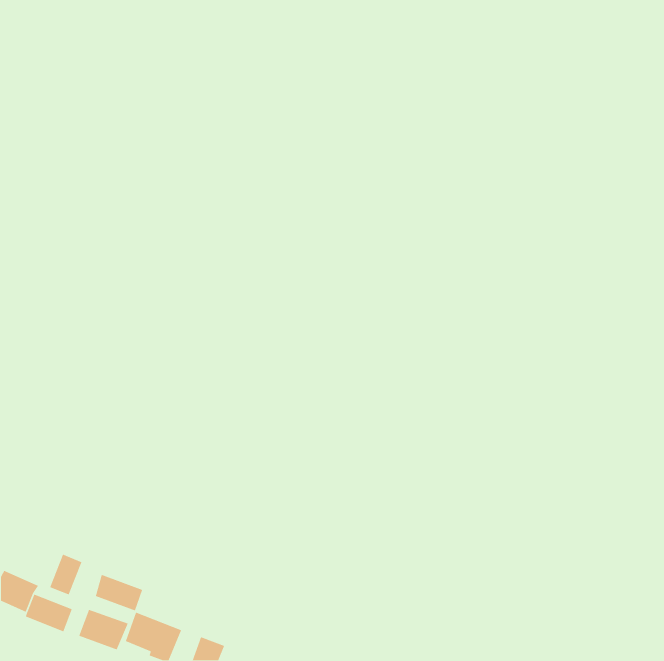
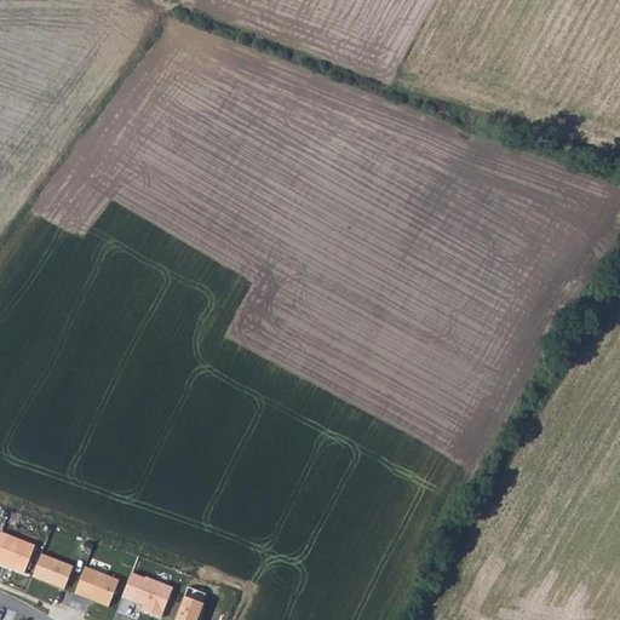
building: [49,554,83,596] -> none
building: [95,574,143,612] -> none

